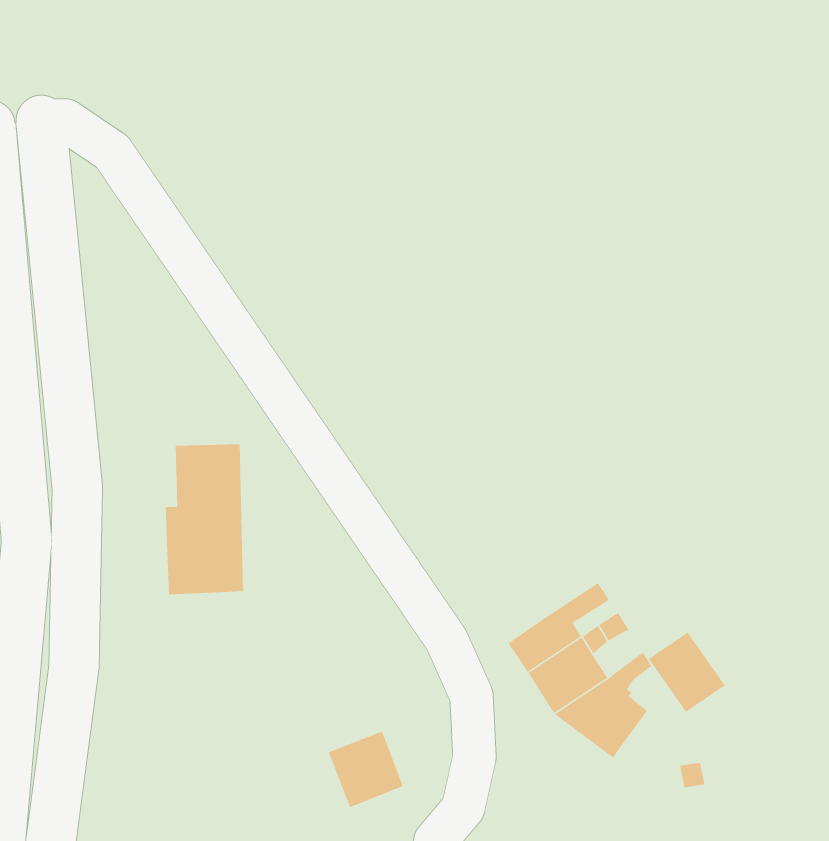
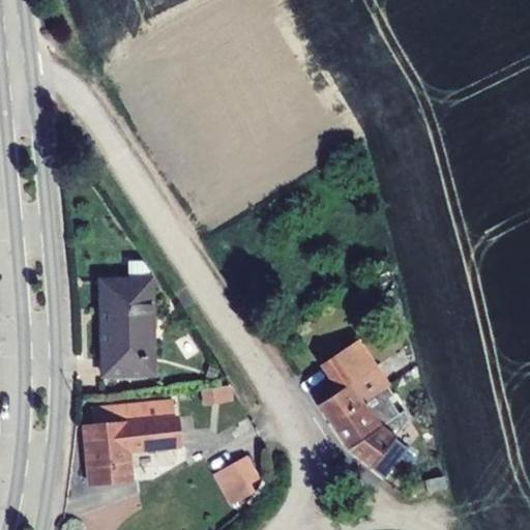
building: none -> [322,340,376,389]
building: [648,632,726,713] -> none
building: none -> [86,402,174,482]

